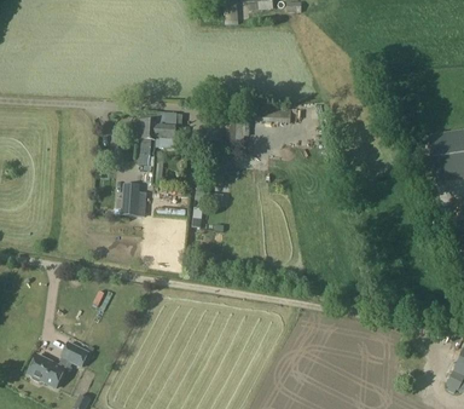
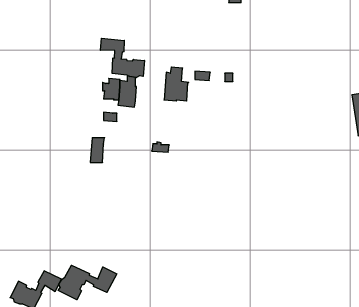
building: none -> [100,38,144,78]
building: none -> [58,265,117,300]

